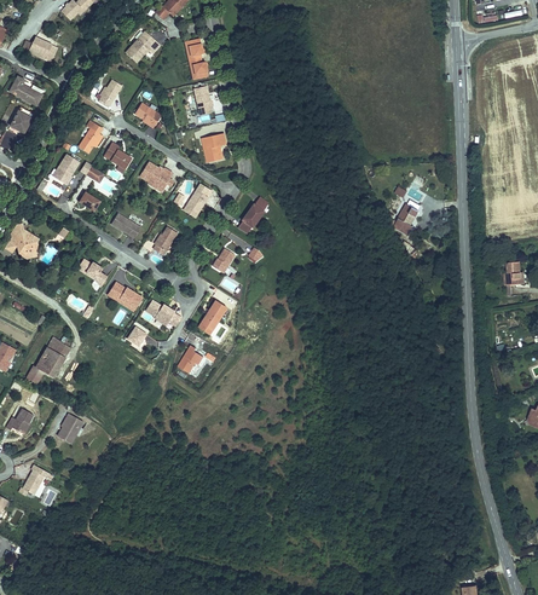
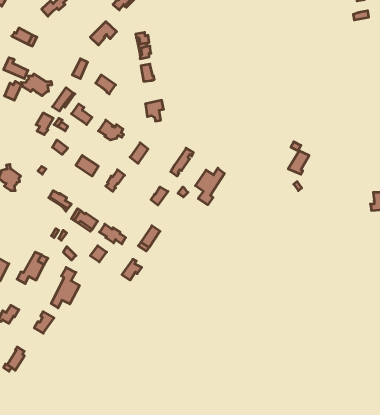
building: none -> [21,74,52,96]
building: none -> [195,168,224,205]
building: none -> [51,267,79,308]

